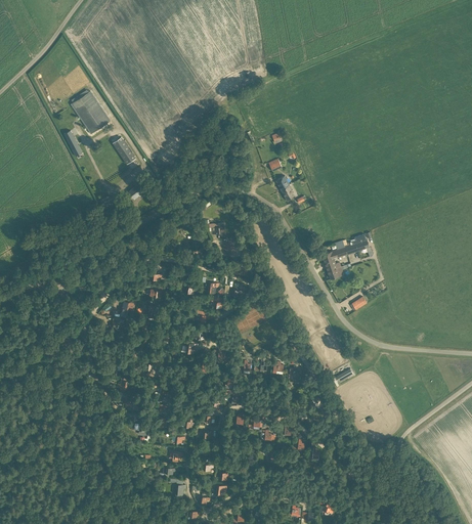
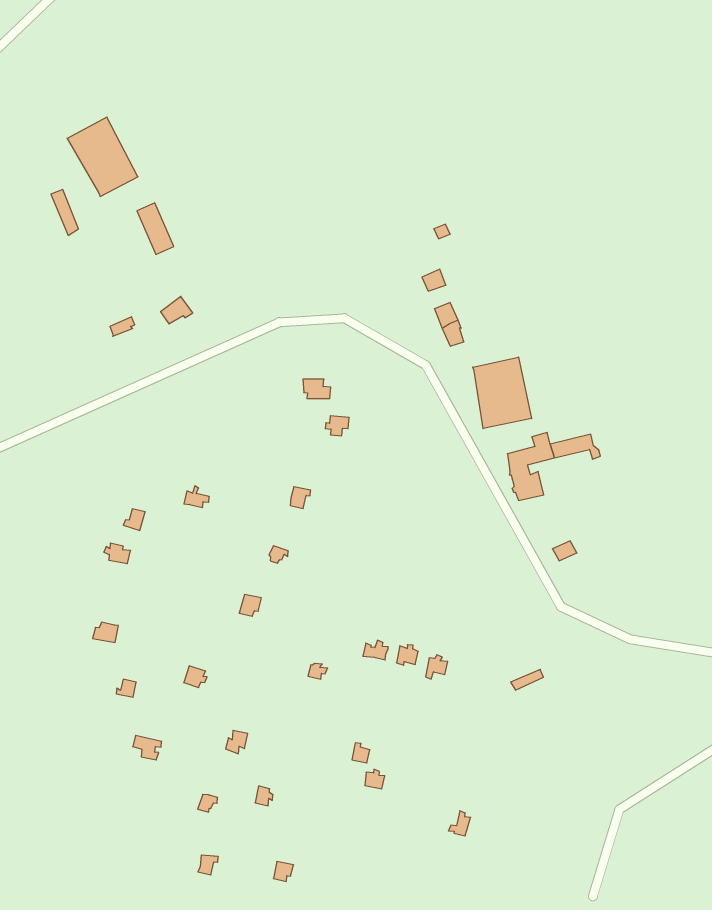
building: none -> [473,357,532,429]

